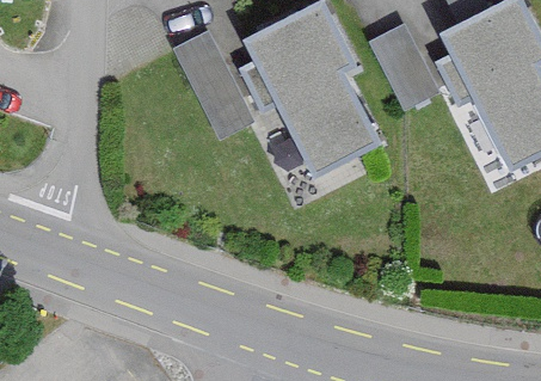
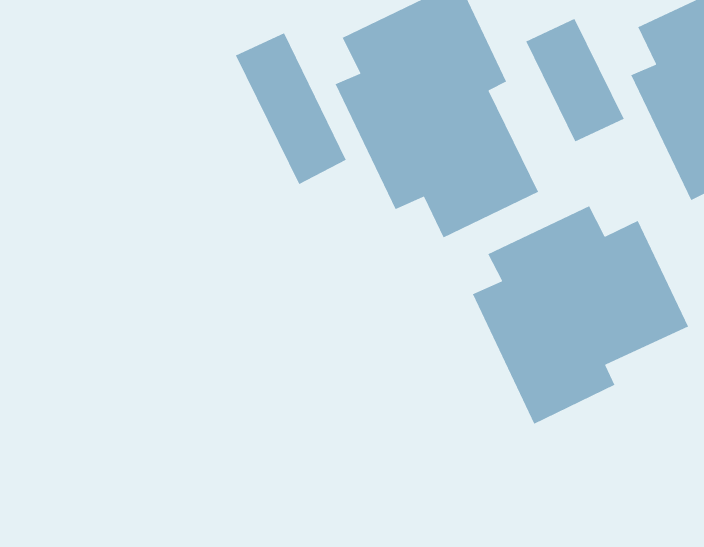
building: none -> [472,205,689,425]

